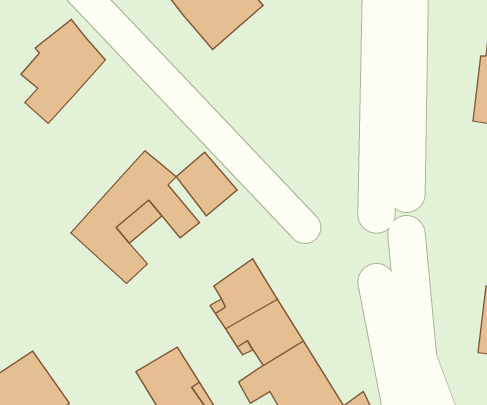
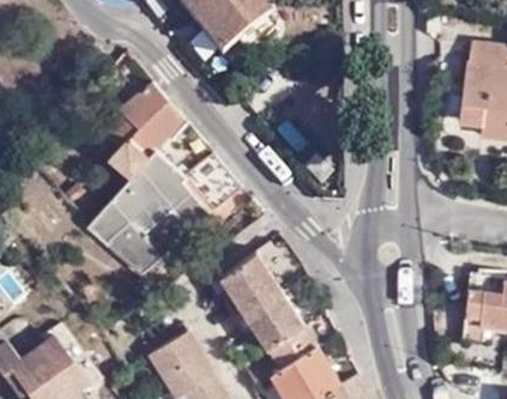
building: [21,19,105,123] -> [107,83,185,179]

